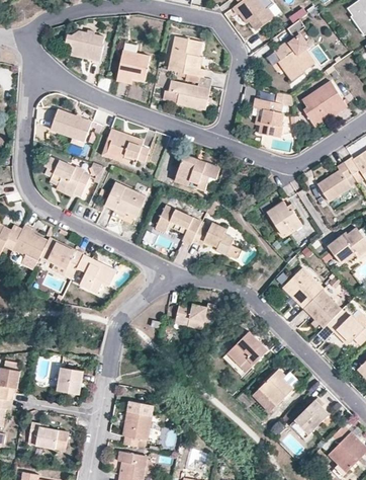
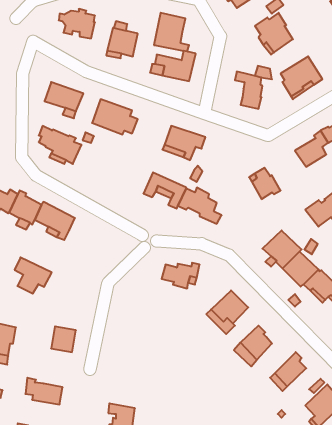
building: [105,181,146,217] -> none
building: [77,254,116,293] -> [15,257,52,294]
building: [123,403,154,449] -> none

